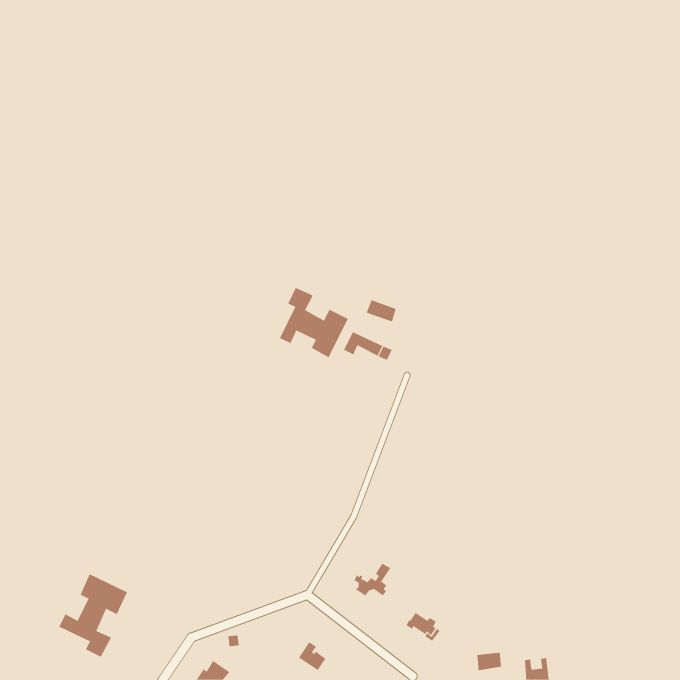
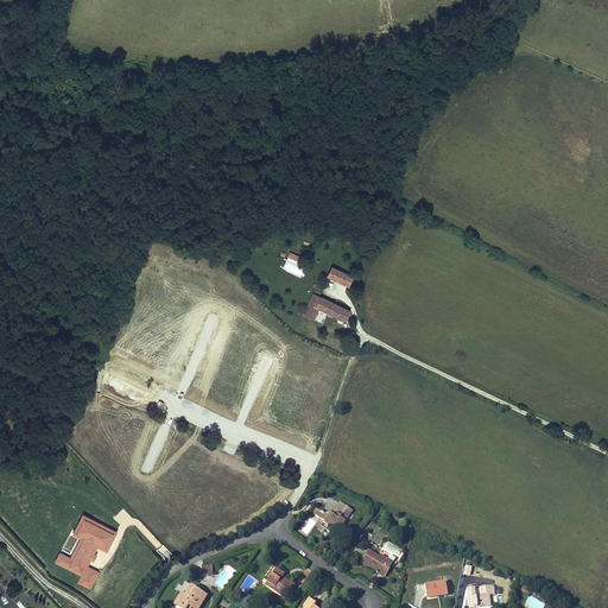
building: [279,287,348,358] -> none

